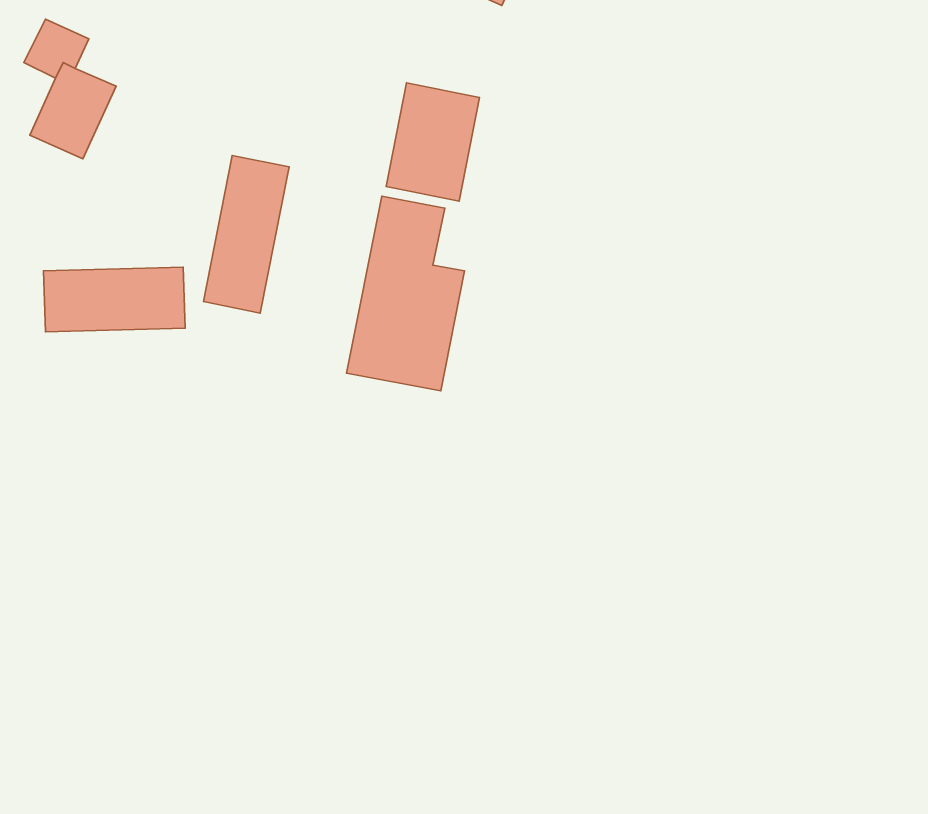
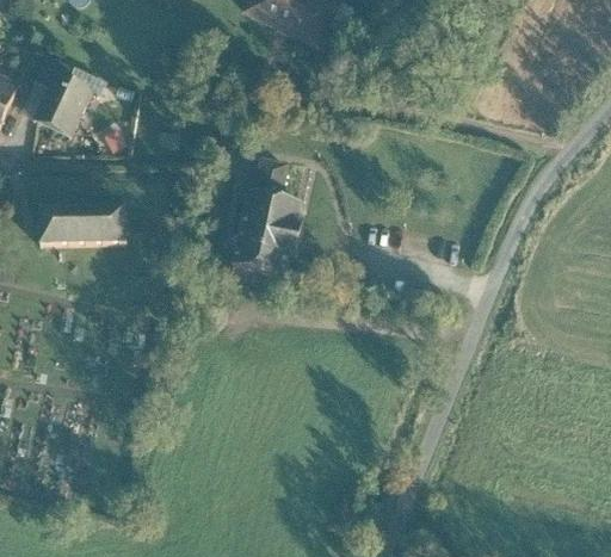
building: [386,83,480,201] -> none
building: [204,156,289,313] -> none

